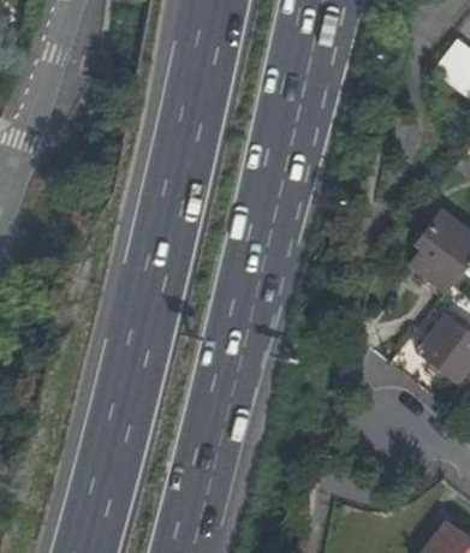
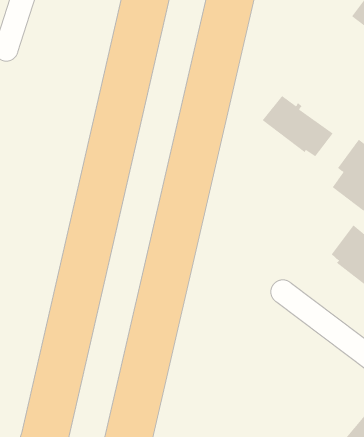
building: none -> [262,95,334,157]

